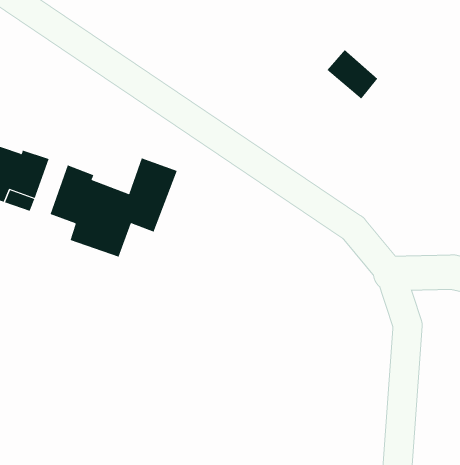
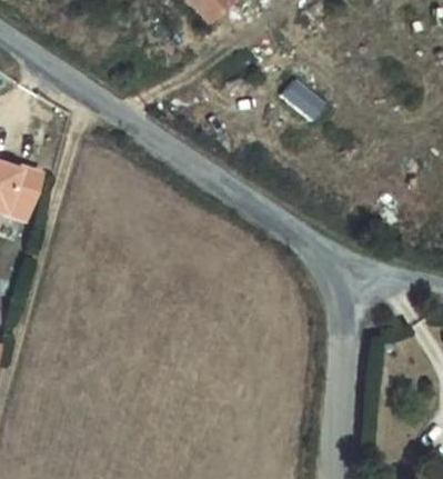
building: [50,158,177,257] -> none

